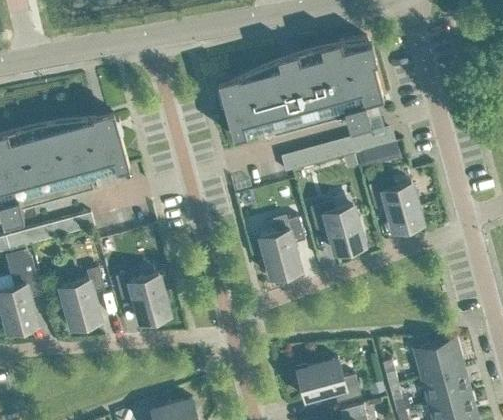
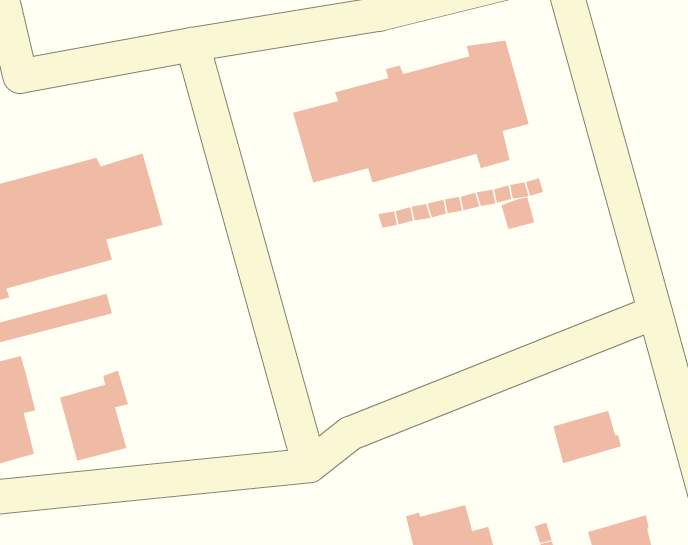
building: [367,177,424,231] -> none
building: [309,200,366,253] -> none
building: [256,213,304,278] -> none
building: [114,269,172,323] -> none
building: [414,340,462,377] -> [552,410,622,464]

